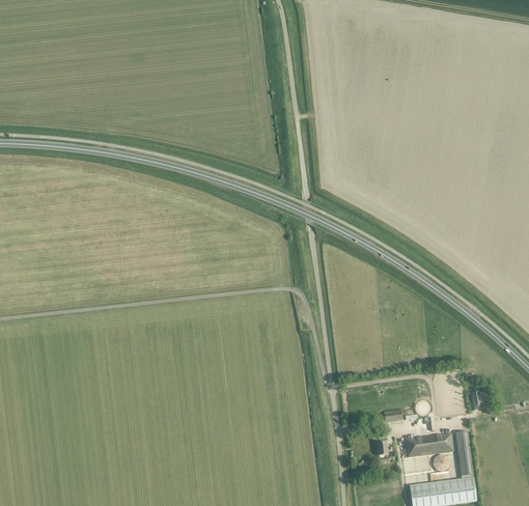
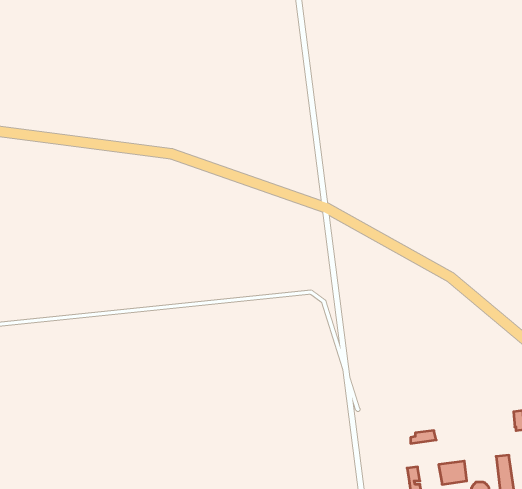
building: [427,433,453,454] -> none

